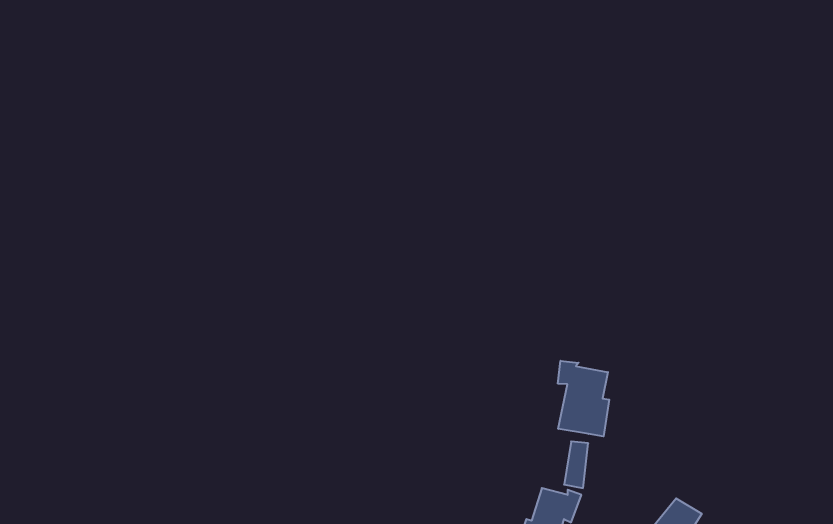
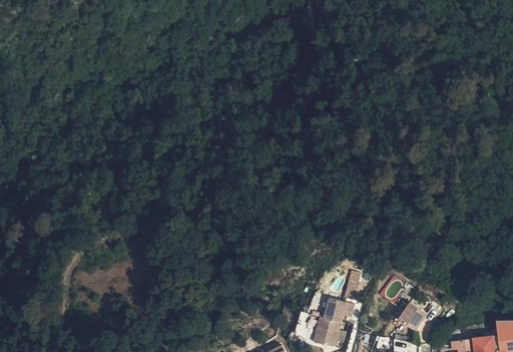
building: [558,361,609,436] -> none

